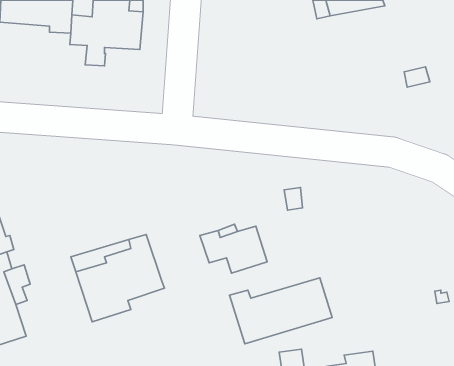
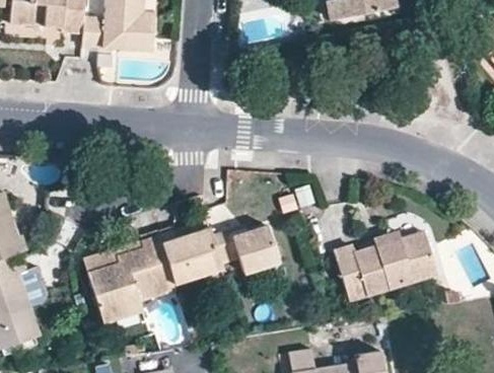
building: none -> [157,227,221,282]
building: [230,278,332,344] -> [333,232,435,298]

